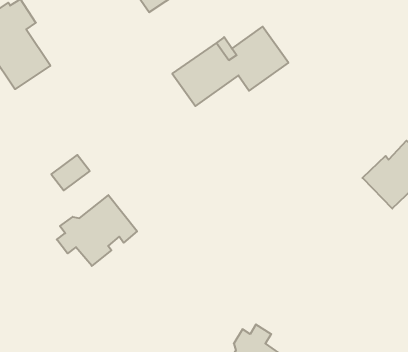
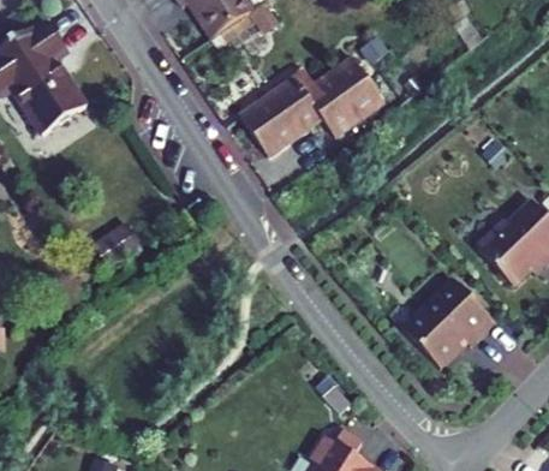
building: [57,195,137,266] -> none
building: none -> [404,278,496,366]

